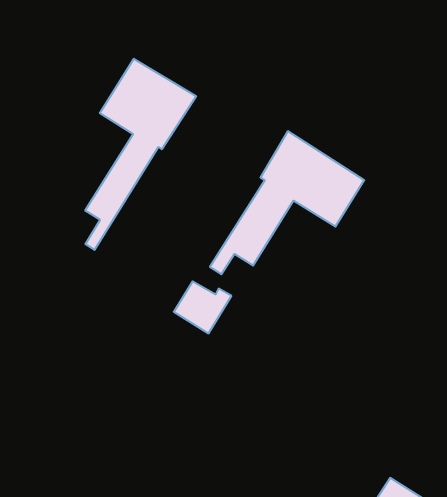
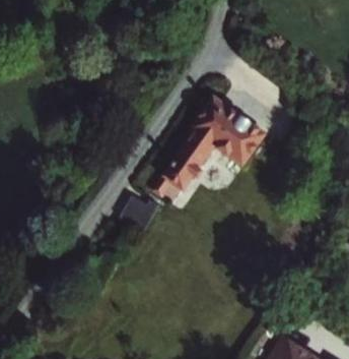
building: [85,59,196,250] -> none

